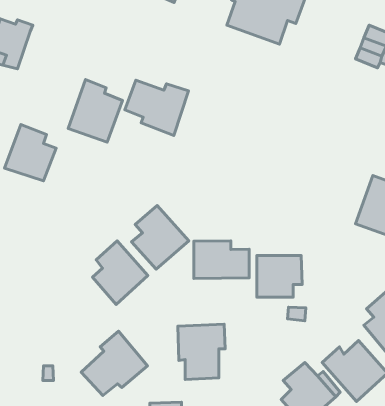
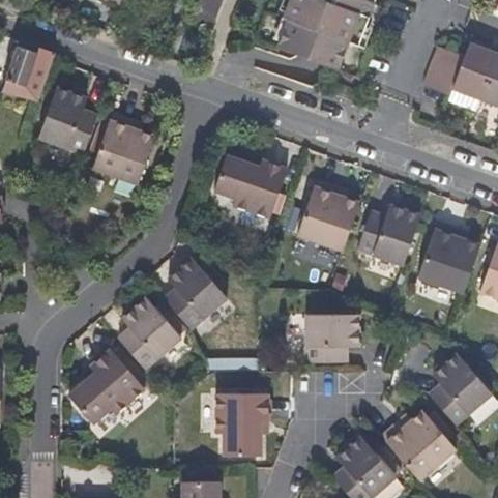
building: [125,80,188,135] -> [214,156,287,219]
building: [5,125,56,181] -> [37,89,96,153]
building: none -> [298,180,359,251]
building: none -> [359,206,418,266]
building: [194,241,249,278] -> none
building: [81,331,147,396] -> [69,349,145,422]

